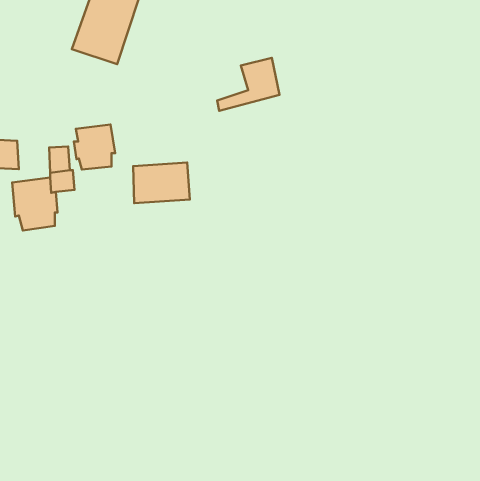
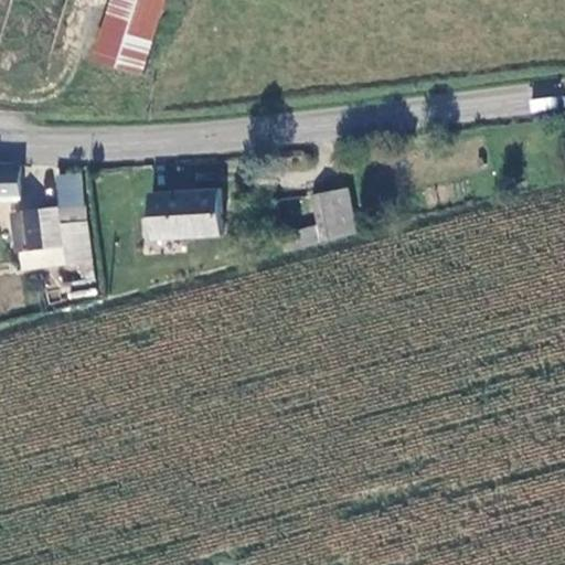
building: [217,58,280,111] -> [282,188,355,249]
building: [74,125,115,169] -> none

